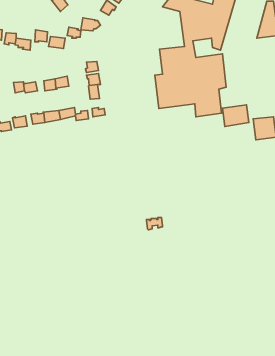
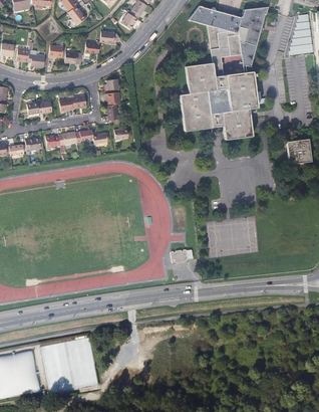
building: [222,105,249,126] -> none

